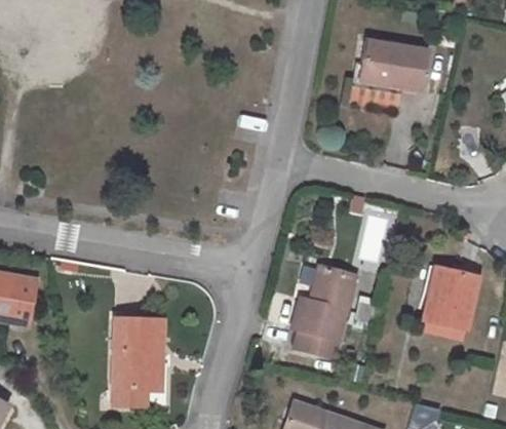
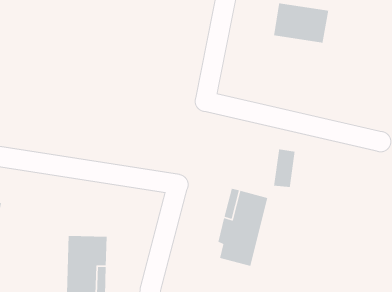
building: [424,266,477,330] -> none

